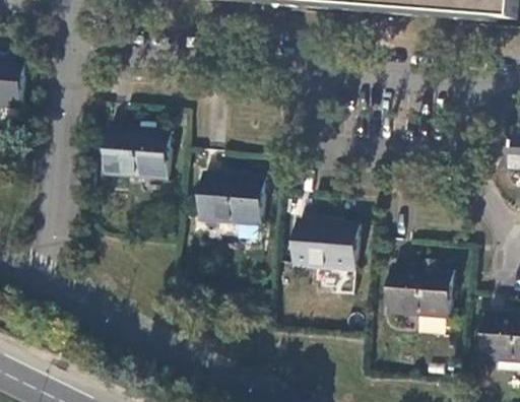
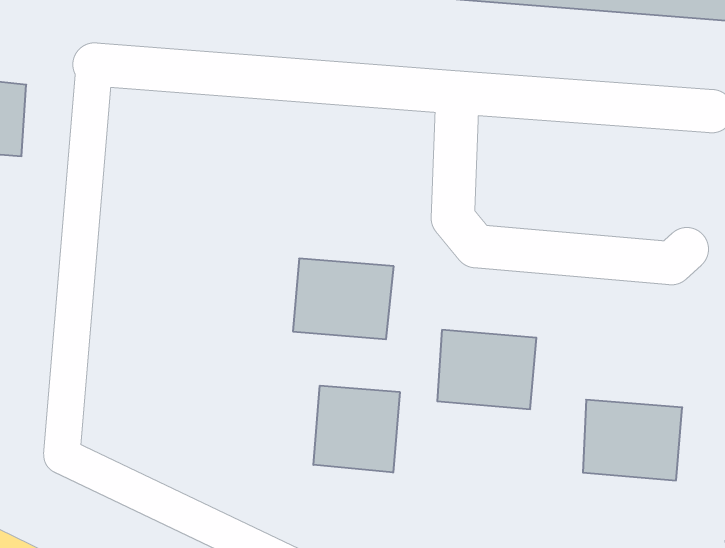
building: [103,125,169,177] -> none
building: none -> [313,386,400,473]

